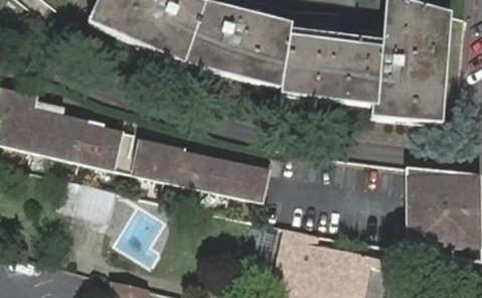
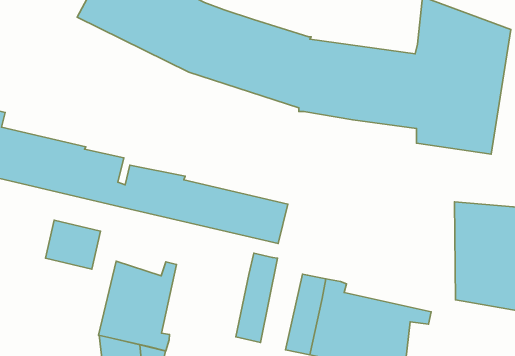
building: none -> [236,253,277,343]
building: none -> [98,261,177,351]

